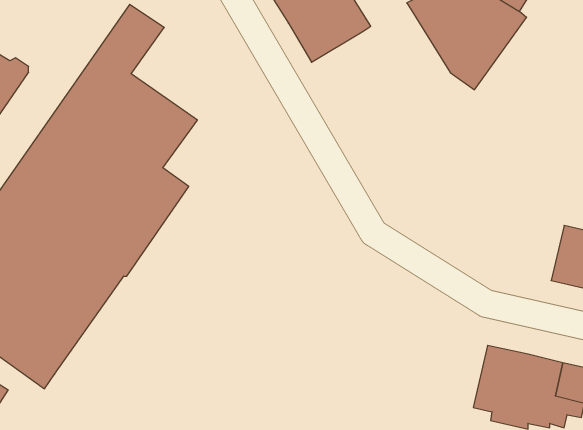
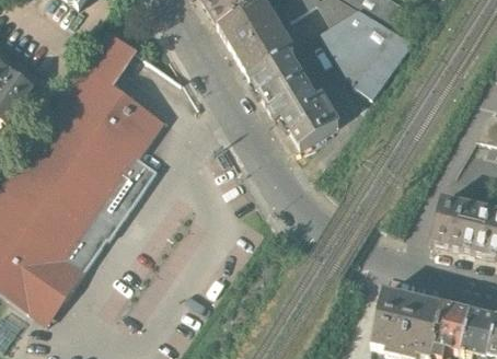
building: none -> [248,53,338,146]

